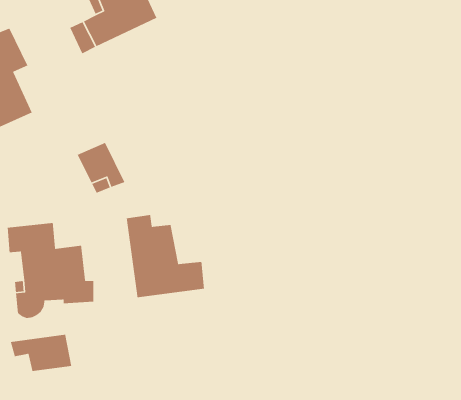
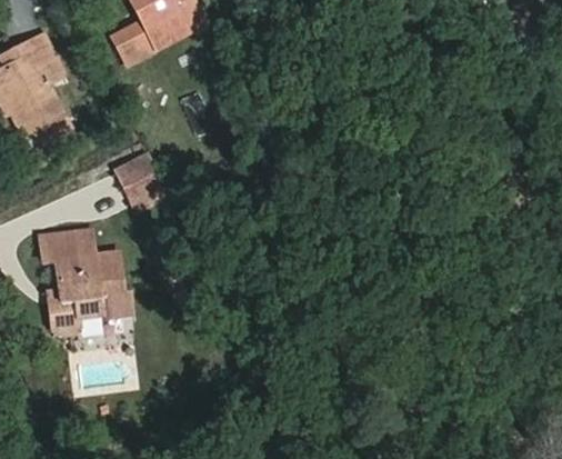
building: [126,214,205,298] -> none
building: [10,334,72,372] -> none

